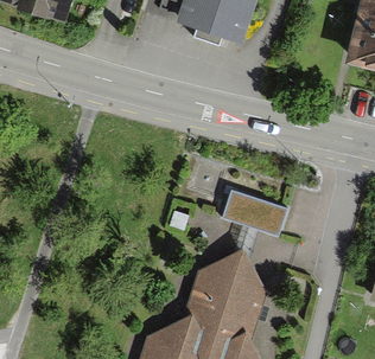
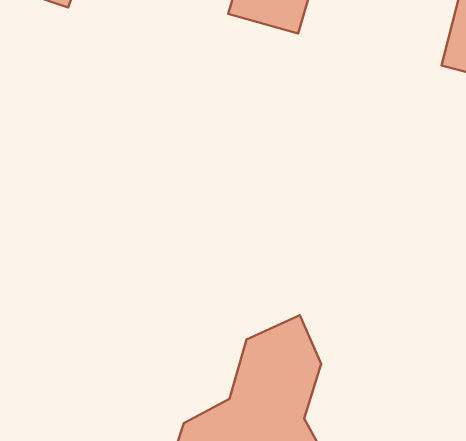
building: [221,187,286,235] -> none

